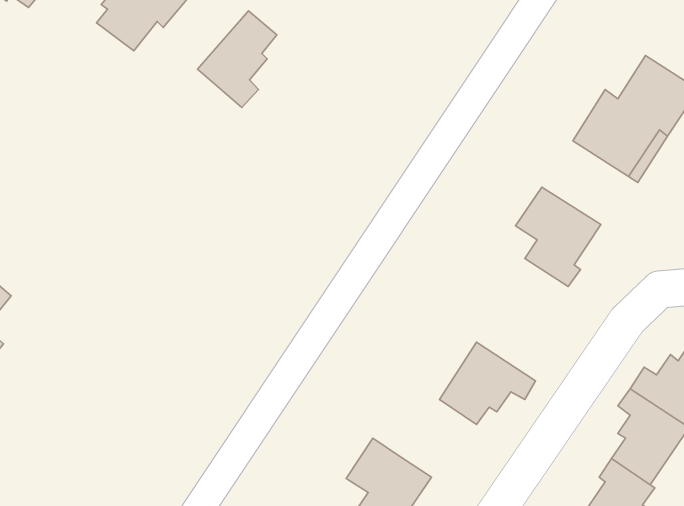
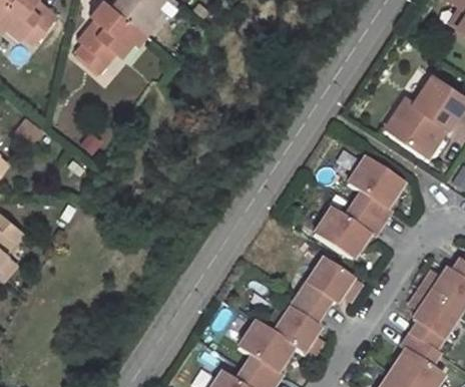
building: [198,11,277,107] -> none
building: none -> [313,205,382,260]
building: none -> [274,296,323,357]

